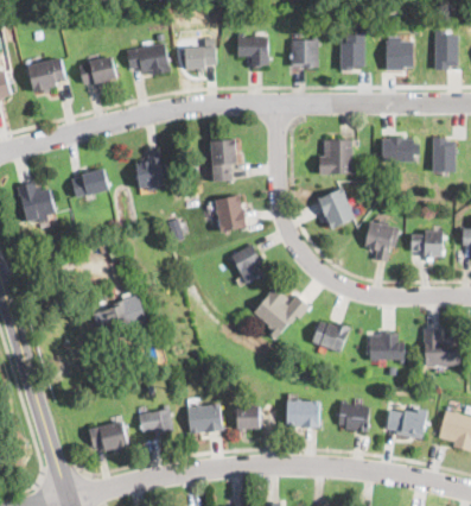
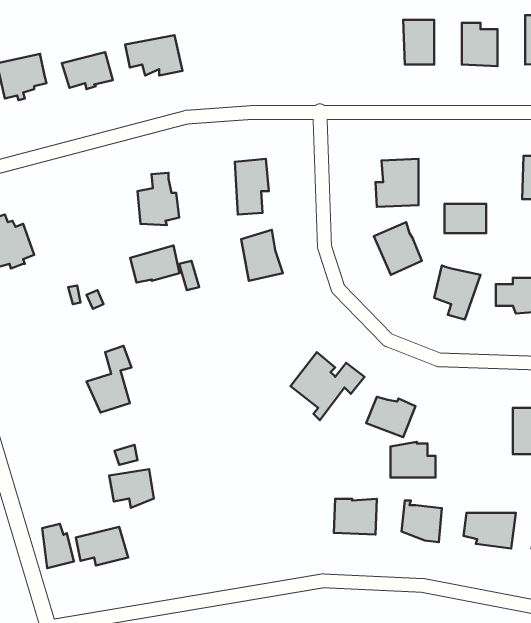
building: [237,33,268,65] -> none
building: [289,37,318,67] -> none
building: [184,46,216,70] -> none
building: [380,137,412,159] -> [445,204,486,233]
building: [70,169,108,197] -> [130,245,180,283]
building: [228,245,262,283] -> none
building: [369,333,403,360] -> [391,442,435,477]
building: [187,404,222,434] -> none
building: [236,406,260,429] -> none
building: [138,409,172,438] -> [109,469,154,508]
building: none -> [42,524,74,568]

